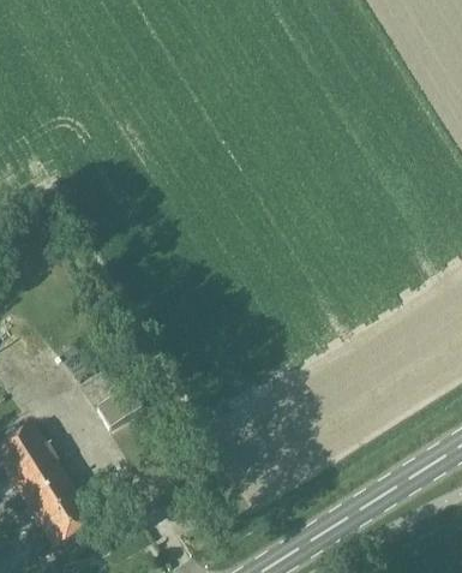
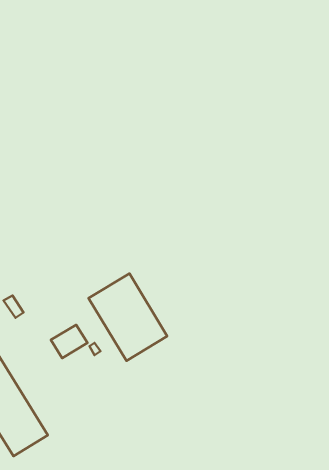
building: none -> [89,273,167,361]

